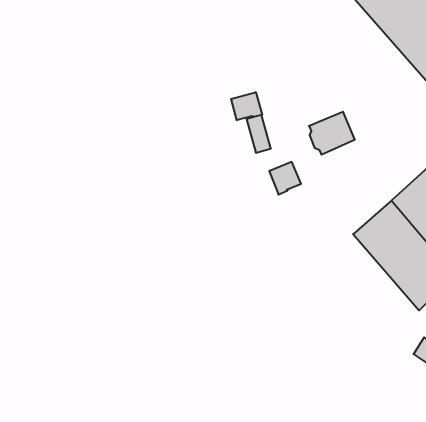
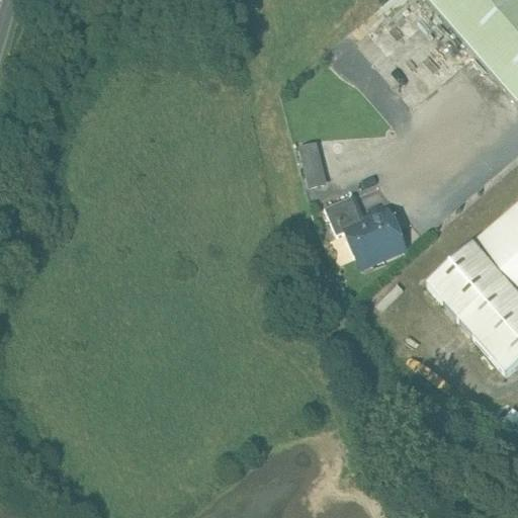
building: [231,92,262,120] -> none
building: [309,112,355,155] -> [349,211,405,263]

